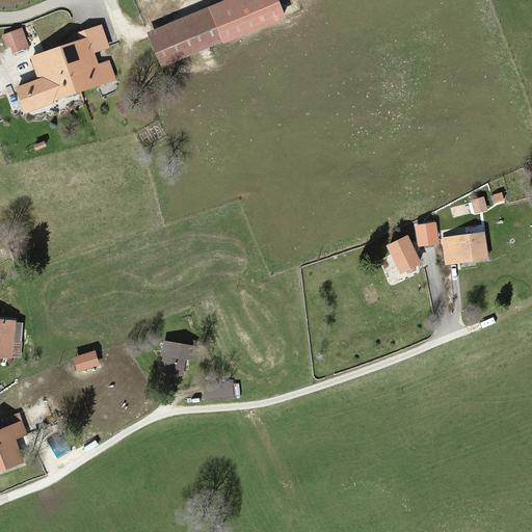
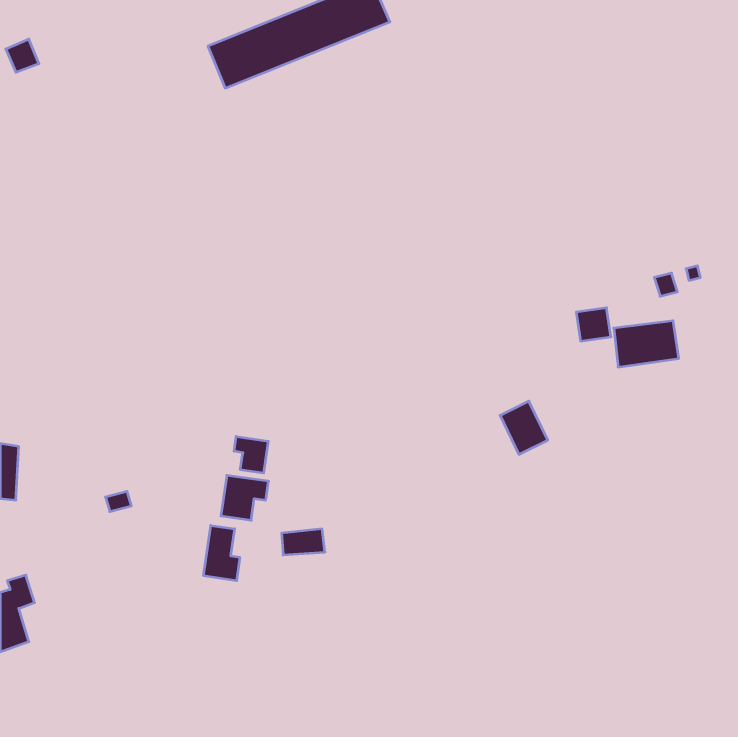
building: [16,25,106,112] -> none
building: [387,235,421,273] -> [500,401,548,454]
building: none -> [234,436,268,473]
building: none -> [204,525,240,581]

